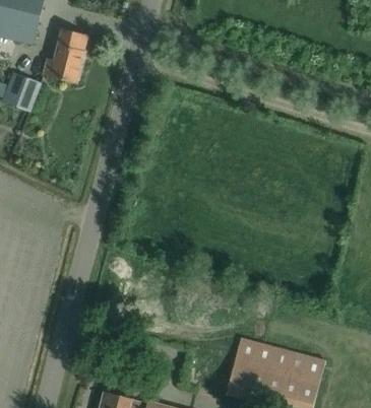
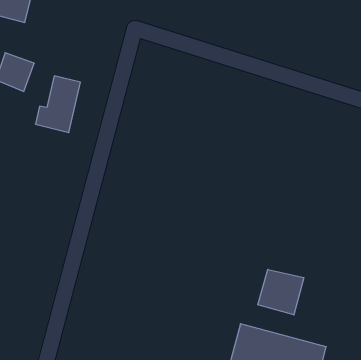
building: [43,28,86,83] -> [35,76,80,132]
building: none -> [258,269,304,315]

